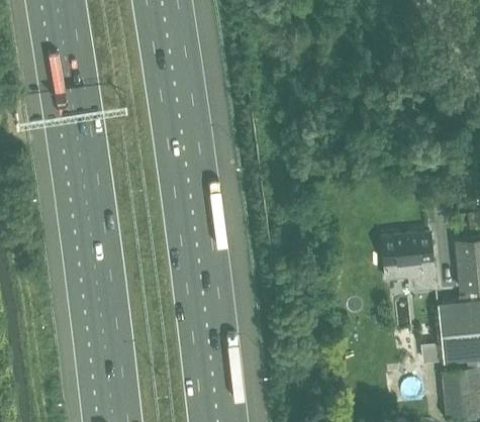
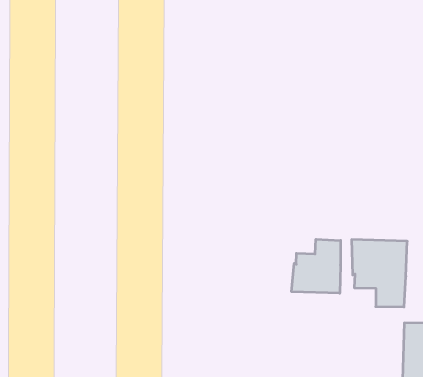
building: none -> [292,239,341,293]

